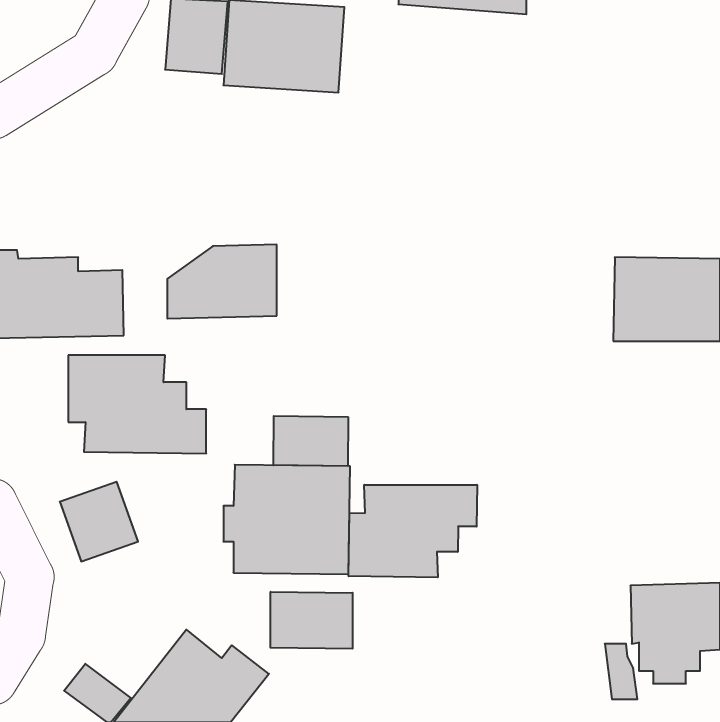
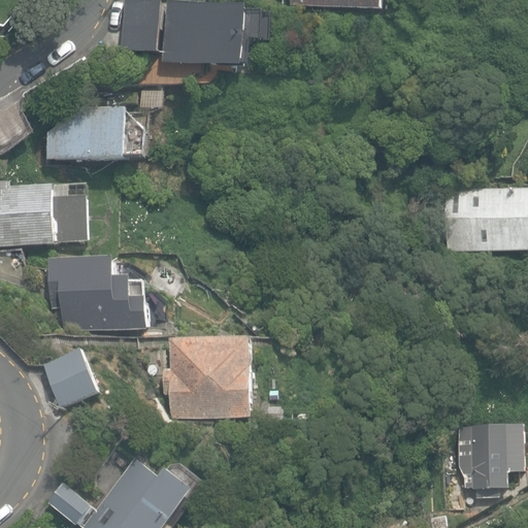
building: [167,245,277,319] -> [50,108,129,162]
building: [274,416,348,466] -> none
building: [349,485,477,577] -> none
building: [270,592,353,649] -> none

